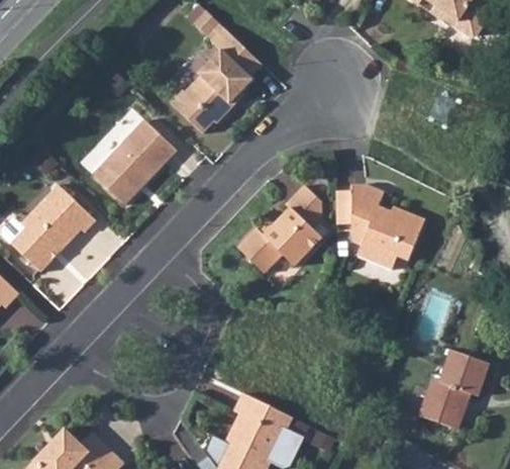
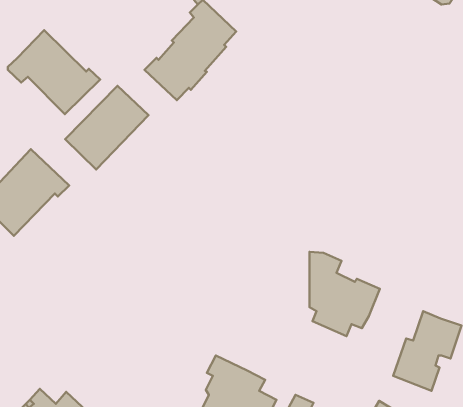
building: none -> [8,30,100,114]
building: [237,184,320,273] -> none
building: [351,185,422,270] -> [309,252,380,336]

